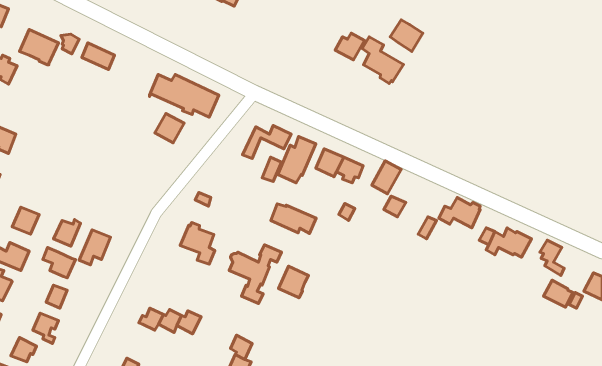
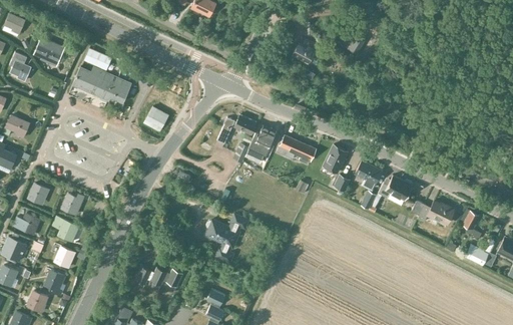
building: [362,37,403,83] -> none
building: [149,74,219,117] -> [73,66,130,101]
building: none -> [355,159,382,188]
building: [271,204,316,233] -> none
building: [180,222,215,264] -> none
building: [79,230,111,265] -> none
building: [279,266,309,298] -> none

